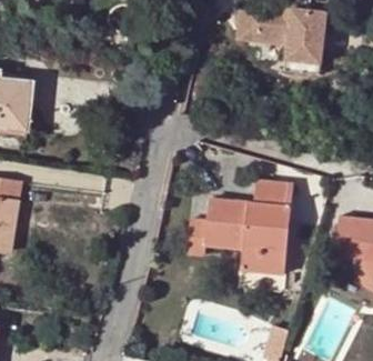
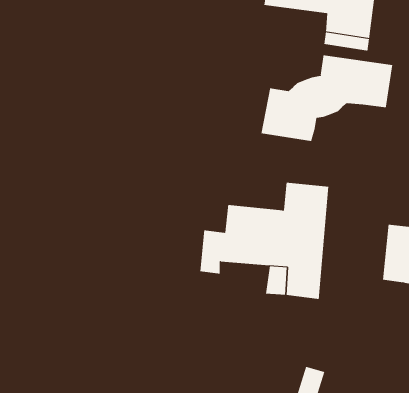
building: none -> [261,54,393,142]

